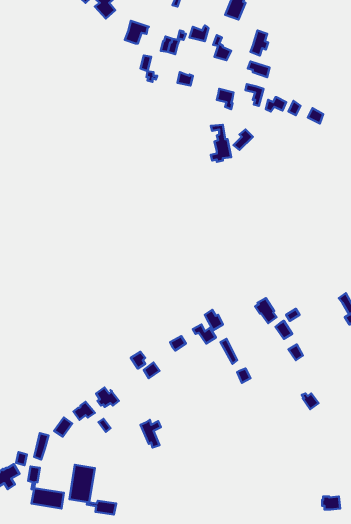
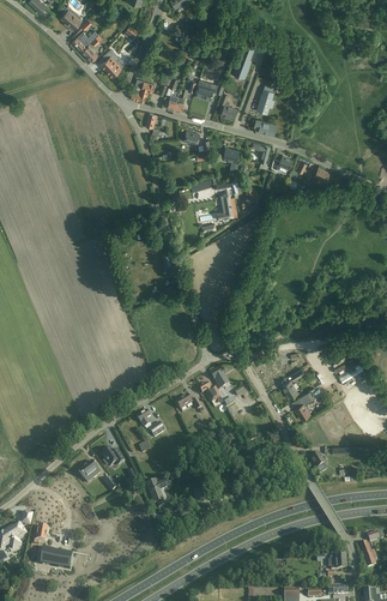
building: [69,465,116,515] -> none

